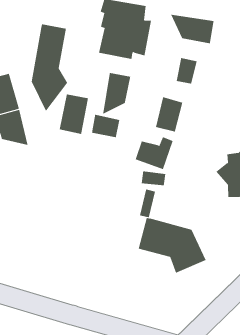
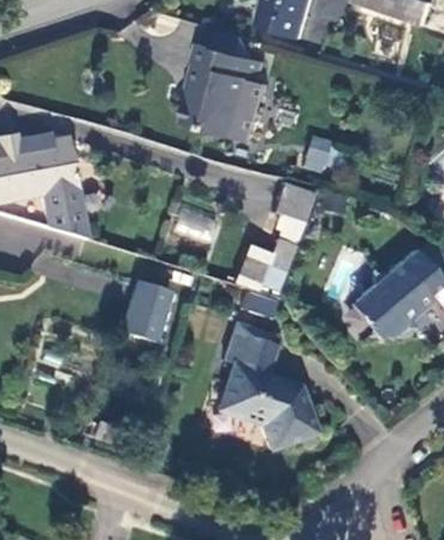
building: [170,14,214,44] -> none
building: [31,23,68,112] -> none
building: [102,72,131,115] -> none
building: [59,94,89,135] -> [130,275,177,336]

